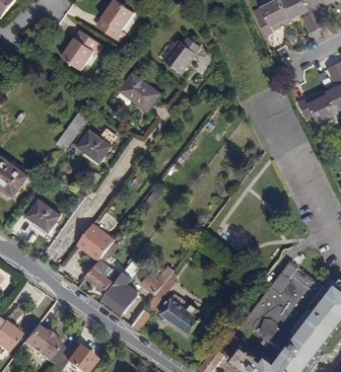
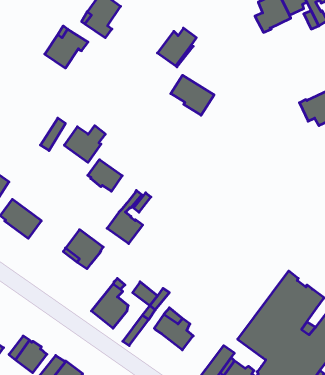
building: [124,68,164,105] -> [171,75,214,115]
building: none -> [88,160,122,191]
building: [85,240,119,290] -> [107,190,143,244]

